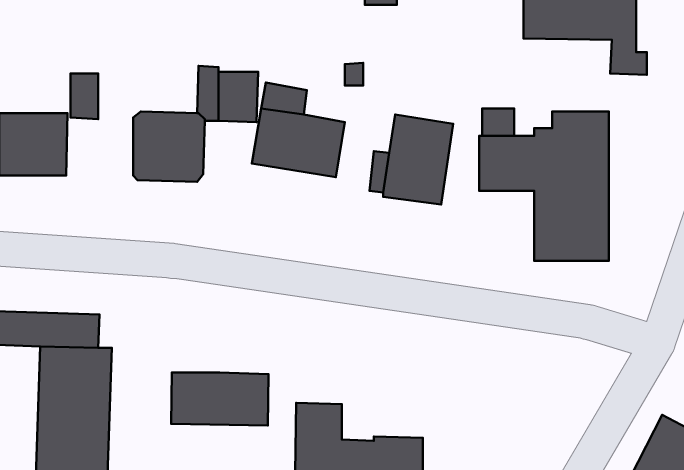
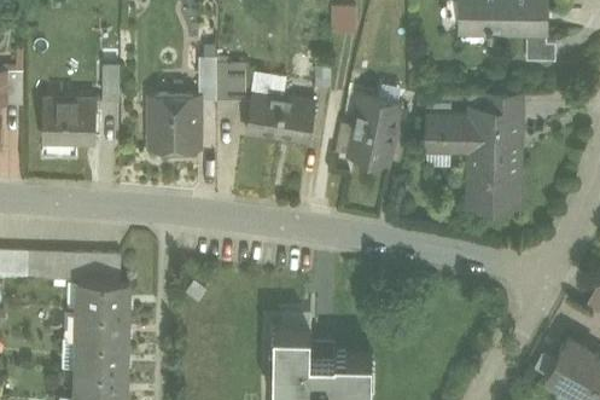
building: [171,373,269,425] -> none

